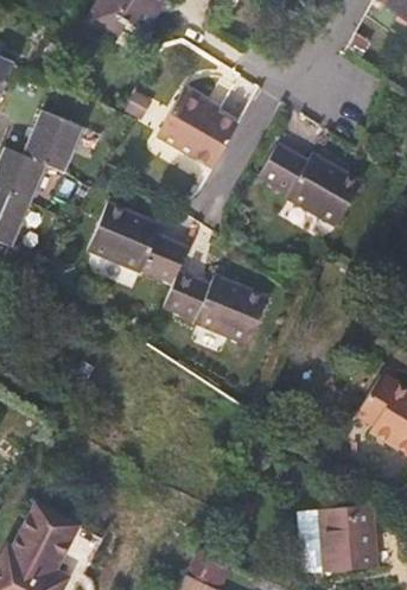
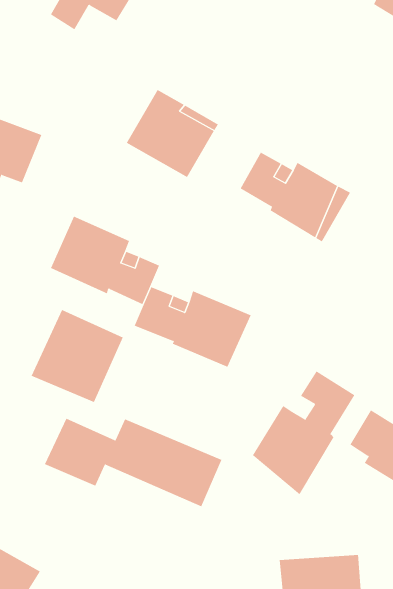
building: none -> [31,309,123,403]
building: none -> [252,371,355,495]
building: none -> [44,418,222,507]

